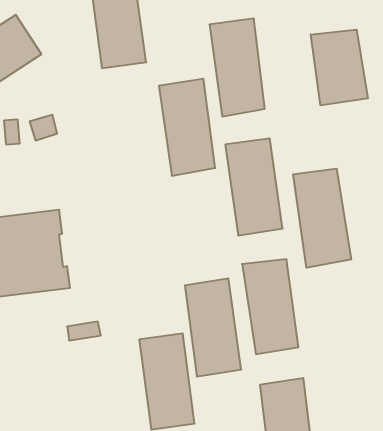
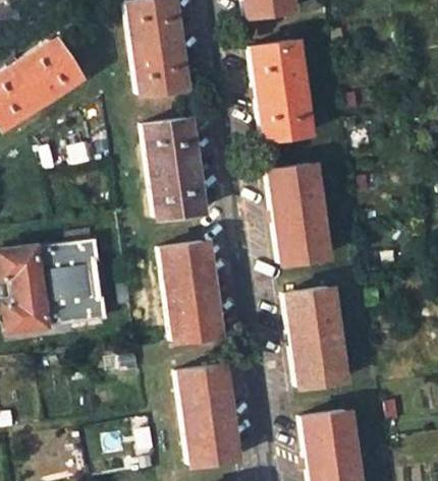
building: [311,30,368,105] -> none
building: [159,79,215,176] -> [146,117,204,217]
building: [293,169,351,268] -> none
building: [185,278,241,376] -> [163,241,221,342]

